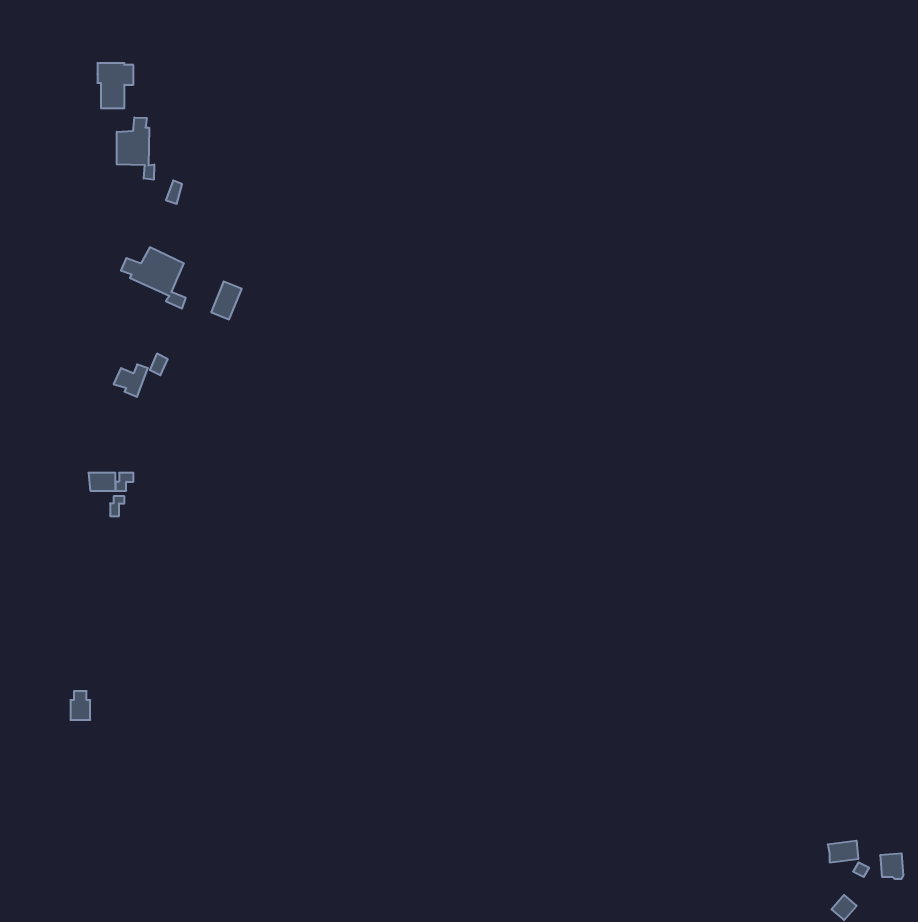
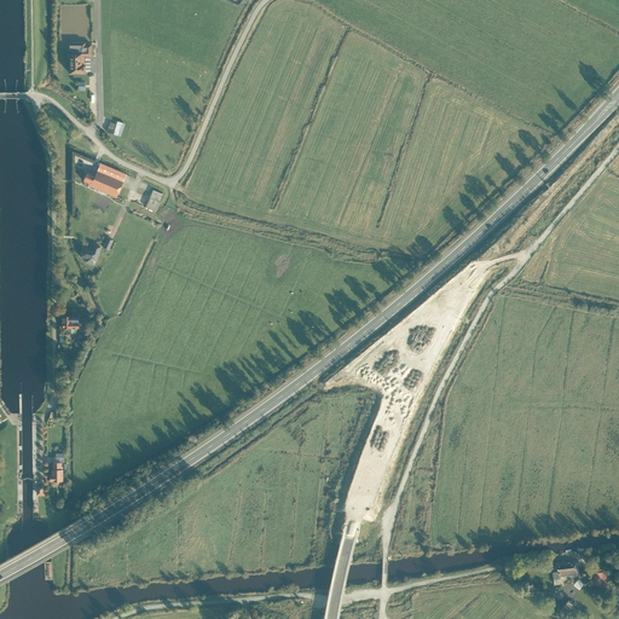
building: [117,117,154,180] -> none

